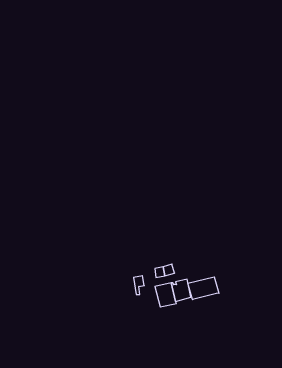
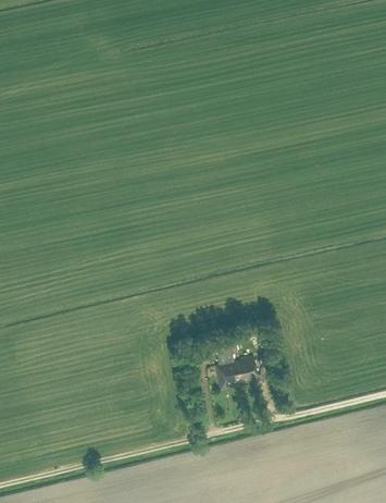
building: [188,277,219,300] -> none

